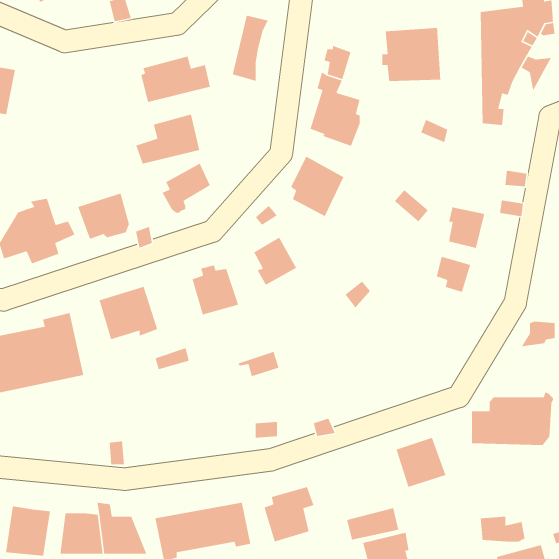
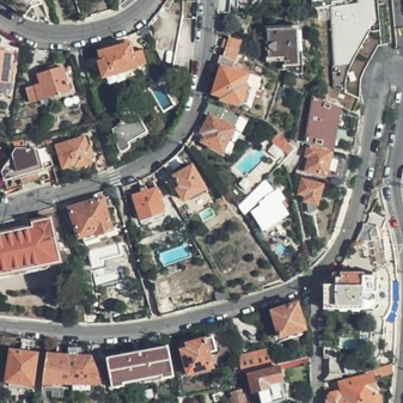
building: [135,114,200,165] -> [24,66,68,100]
building: none -> [305,98,338,147]
building: none -> [251,190,287,230]

